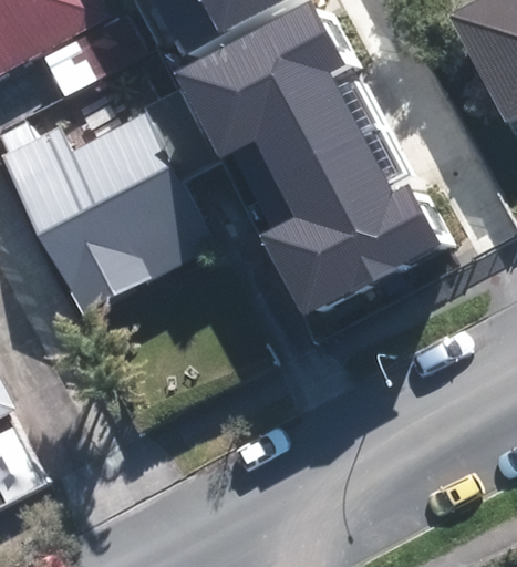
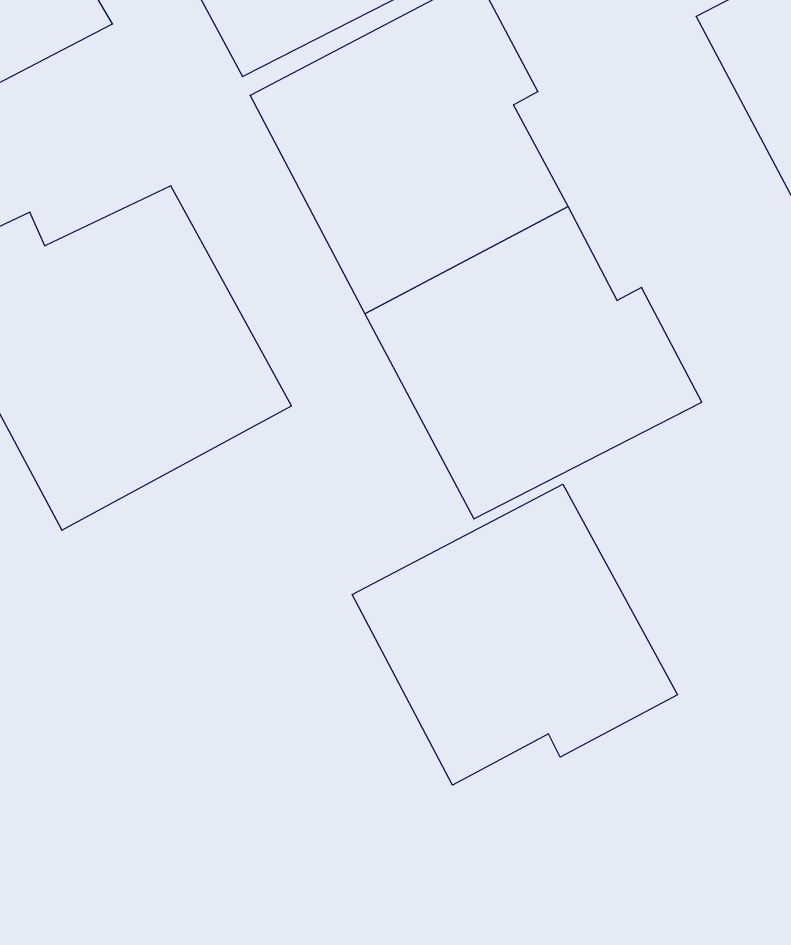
building: none -> [352,484,678,785]

